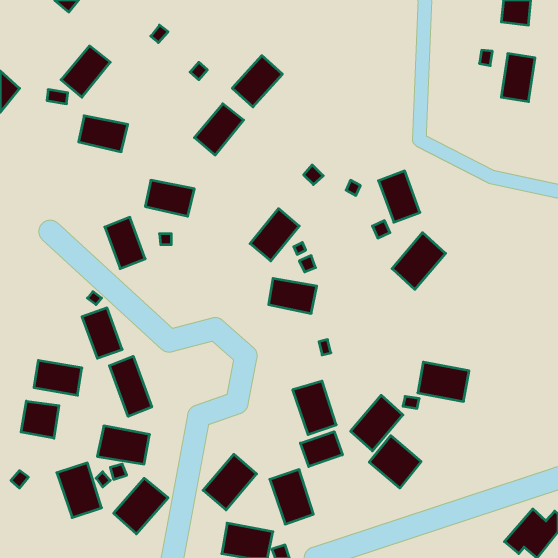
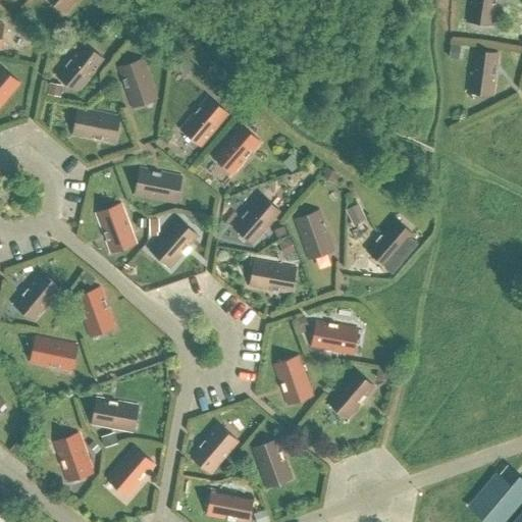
building: [232,56,282,107] -> [212,124,259,172]
building: none -> [119,59,157,106]
building: [378,171,420,222] -> [296,211,334,259]
building: none -> [151,219,198,266]
building: none -> [14,271,59,320]
building: [109,356,152,416] -> none
building: [418,362,469,401] -> [311,320,359,357]
building: [21,401,59,438] -> none
building: [300,432,342,467] -> none
building: [369,436,421,488] -> none

